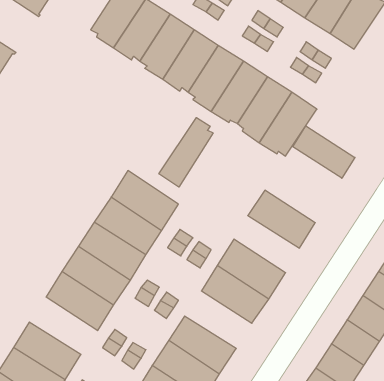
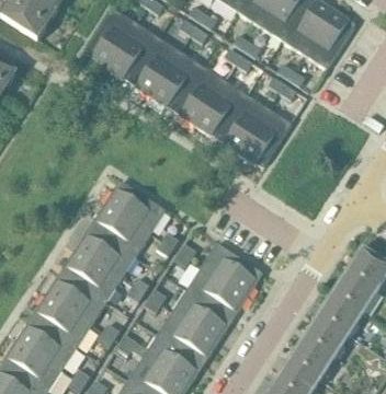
building: [159,118,213,187] -> none
building: [293,126,355,178] -> none
building: [248,190,315,248] -> [171,288,232,340]
building: none -> [30,293,92,346]

